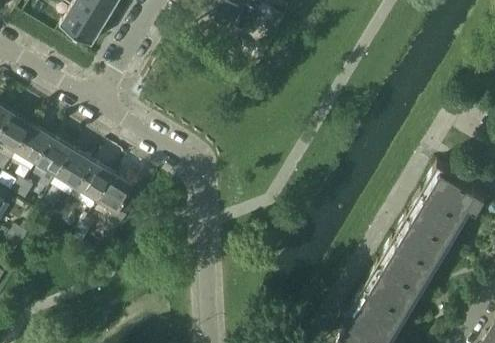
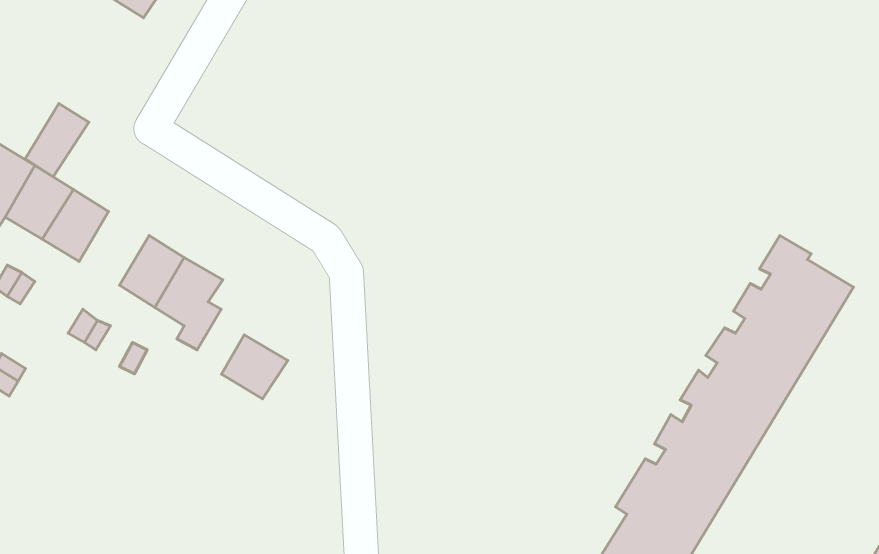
building: none -> [25,104,89,177]
building: [58,149,96,189] -> none
building: none -> [222,335,288,399]

